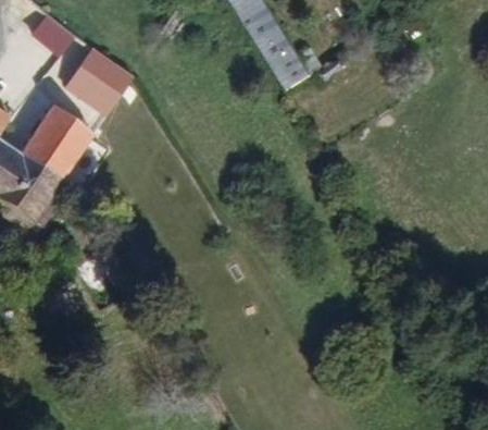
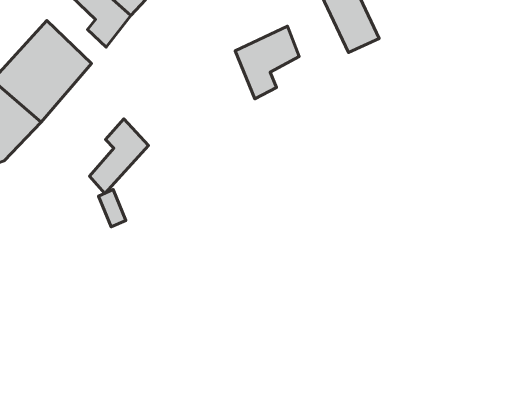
building: none -> [235,26,299,99]
building: none -> [90,119,149,193]

